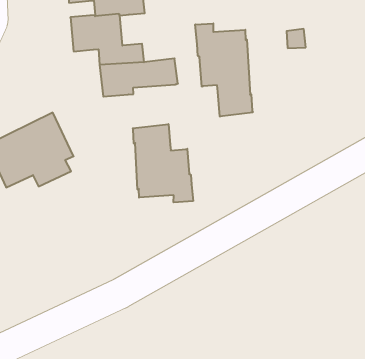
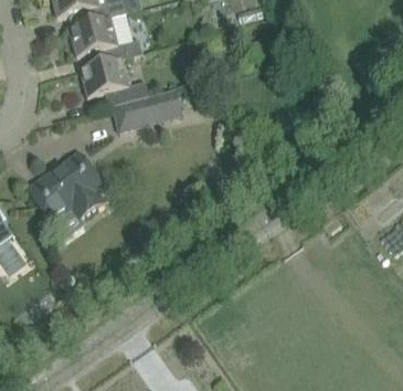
building: [195,23,253,117] -> none
building: [133,124,193,202] -> none

